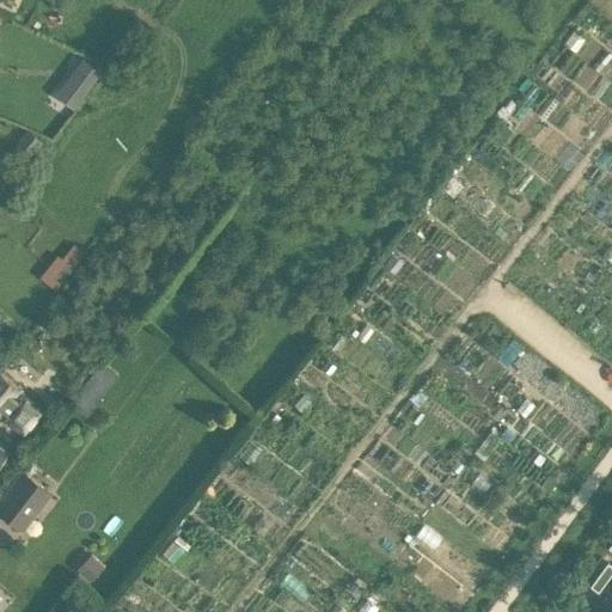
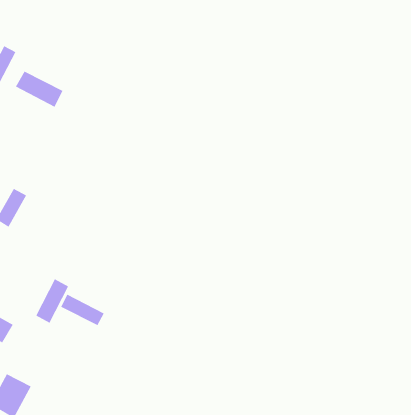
building: none -> [15,70,63,108]
building: none -> [60,293,105,326]

